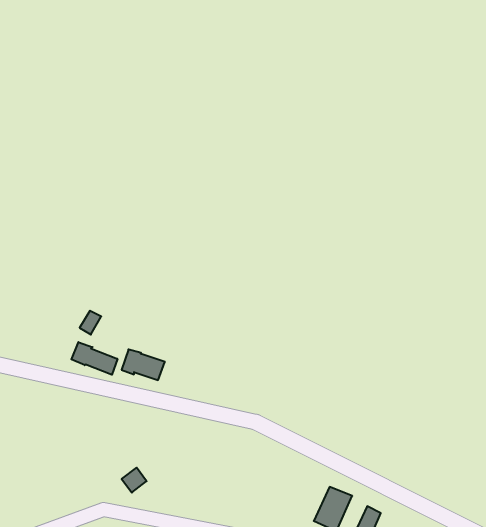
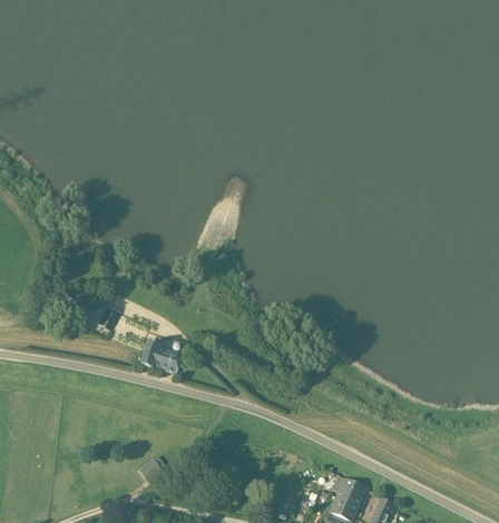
building: [71,342,117,375] -> none

